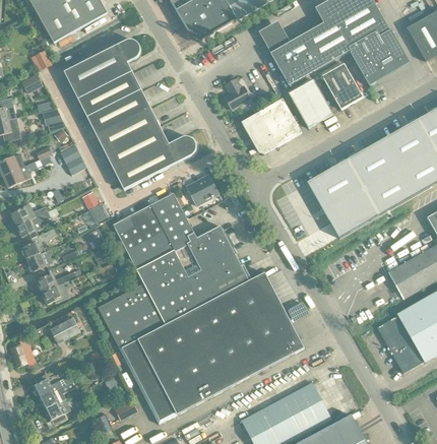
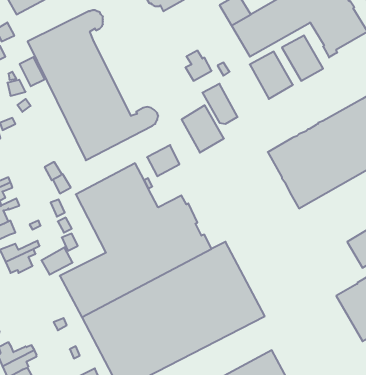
building: [258,99,301,146] -> [182,105,224,153]
building: [60,145,85,175] -> [20,57,45,86]
building: [49,316,80,343] -> [41,247,73,275]

